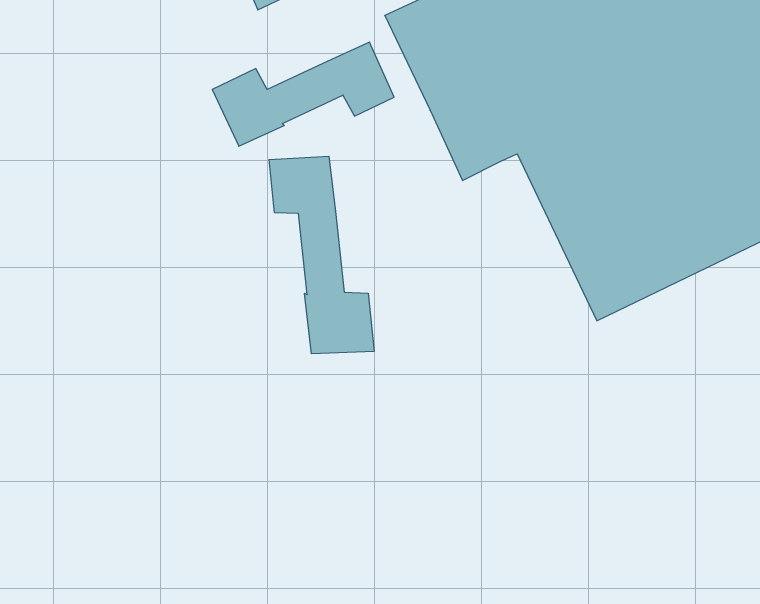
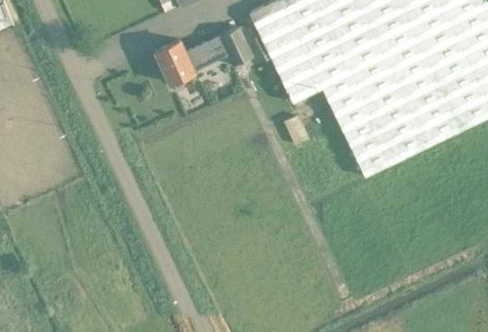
building: [269,156,374,354] -> none

